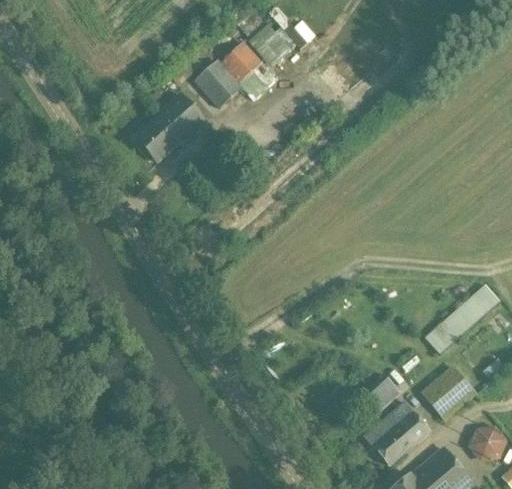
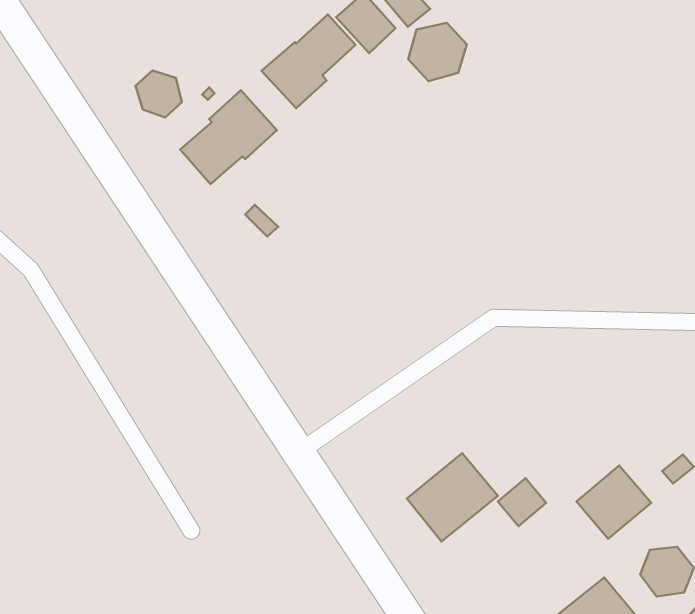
building: none -> [408,23,467,81]
building: none -> [136,71,182,117]
building: [426,285,500,354] -> none
building: [364,401,430,465] -> [407,453,498,541]

